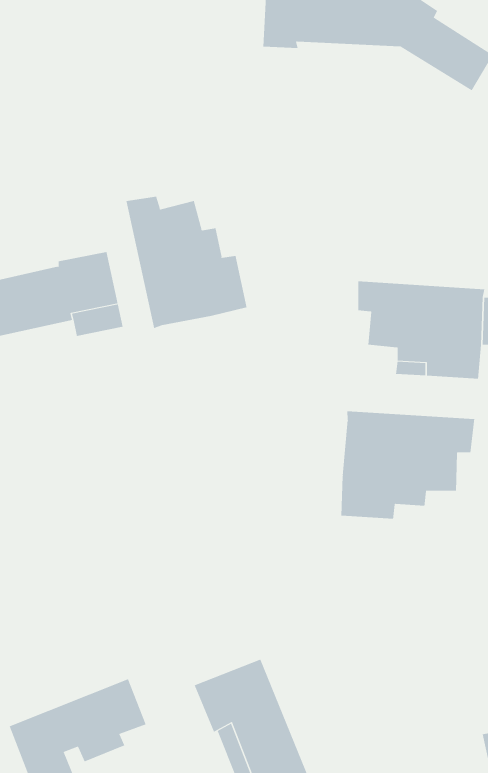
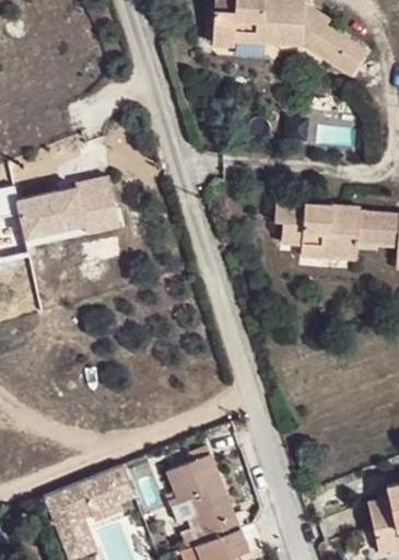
building: [126,196,247,329] -> none
building: [341,410,475,520] -> none

